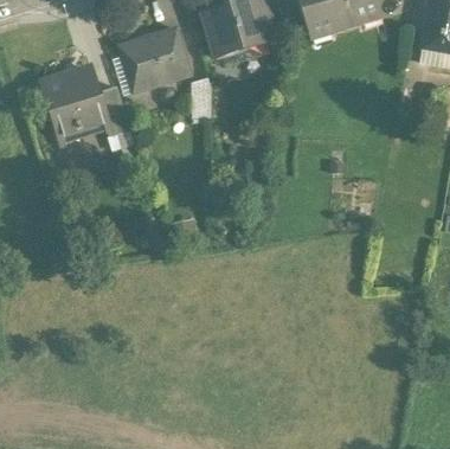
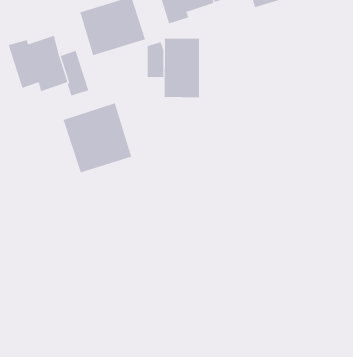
building: none -> [164,38,200,98]
building: none -> [63,102,132,173]

